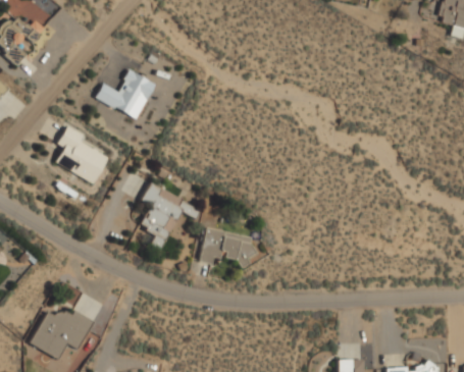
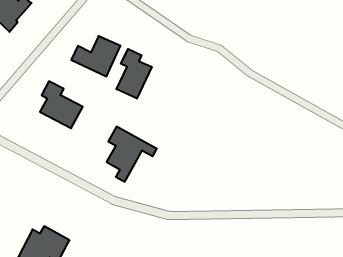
building: none -> [116,49,152,99]
building: [201,227,254,264] -> none

